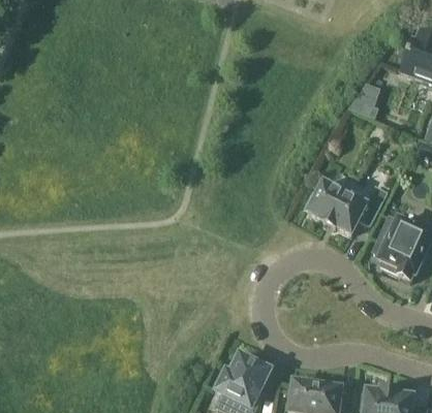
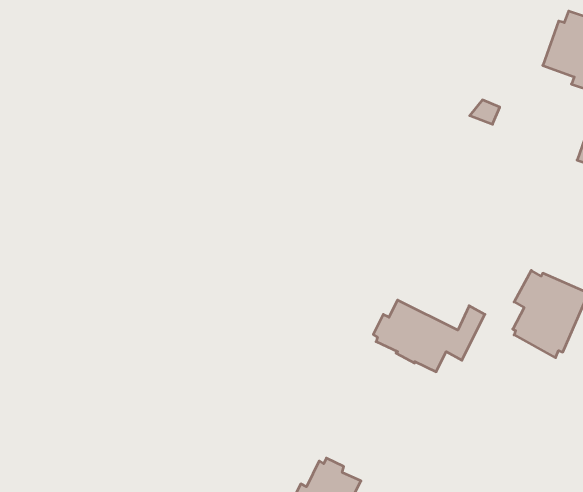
building: [306,180,387,231] -> [373,300,485,372]

